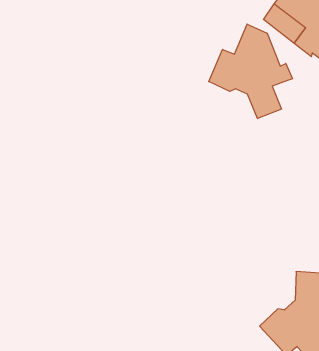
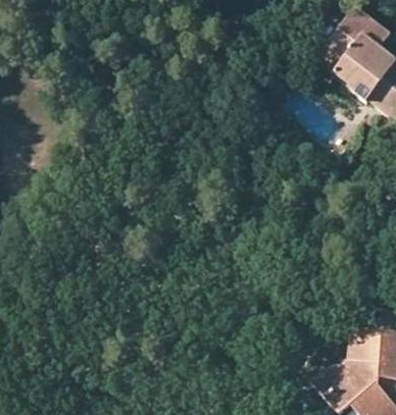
building: [209,24,292,119] -> none

